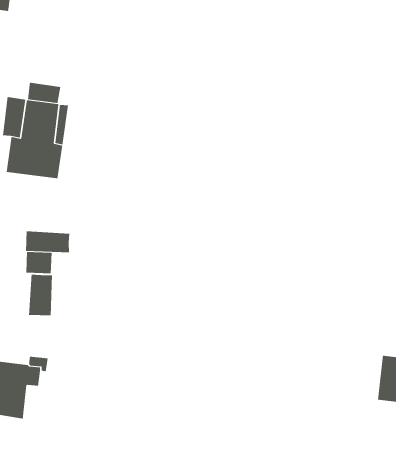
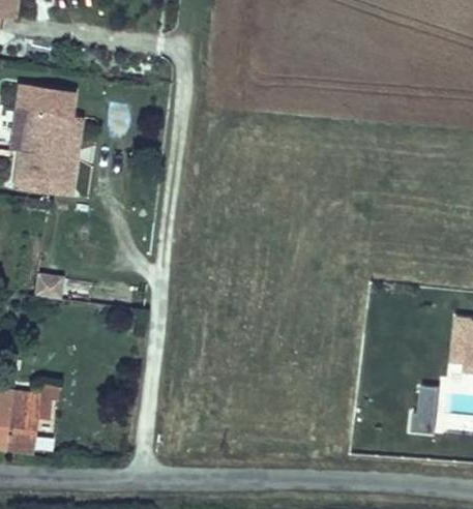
building: [26,230,70,253] -> none
building: [29,274,53,316] -> none

